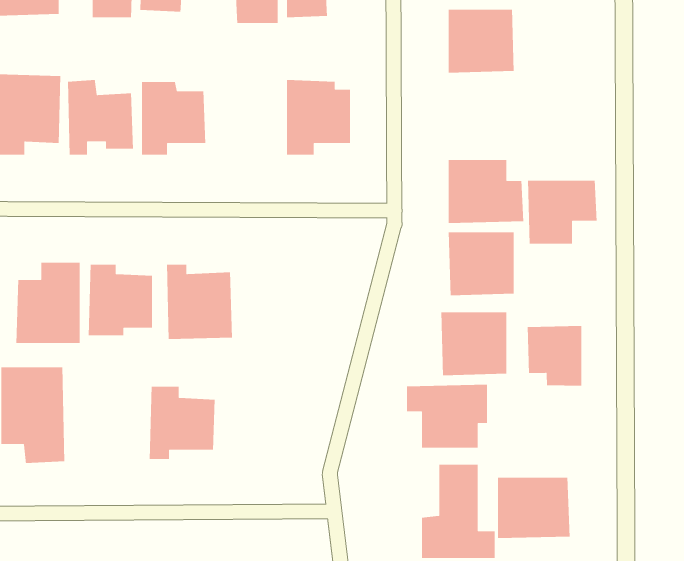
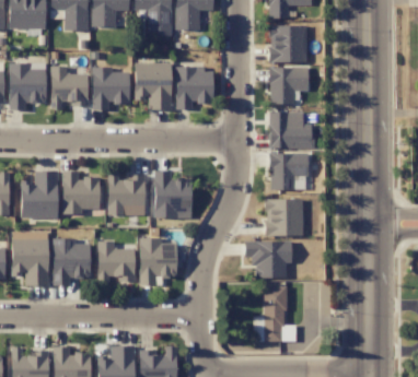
building: none -> [135,62,172,109]
building: [527,180,598,244] -> [269,67,310,104]
building: none -> [154,170,191,217]
building: [527,325,582,386] -> none
building: none -> [54,238,91,285]
building: none -> [140,238,176,285]
building: [497,477,570,539] -> none

